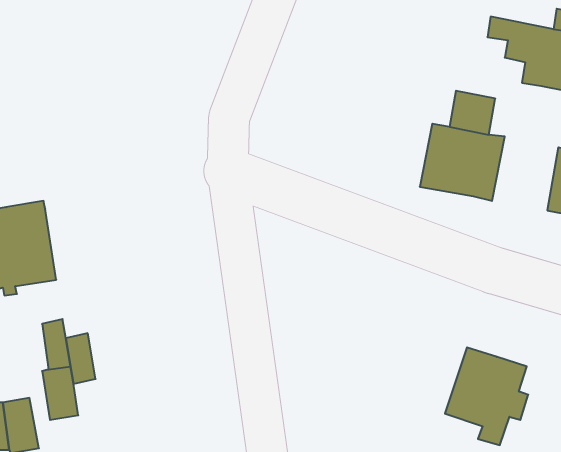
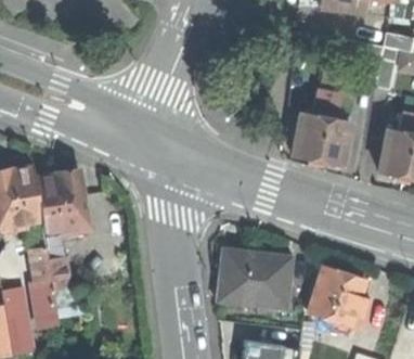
building: none -> [34,167,89,234]
building: none -> [216,249,293,308]

